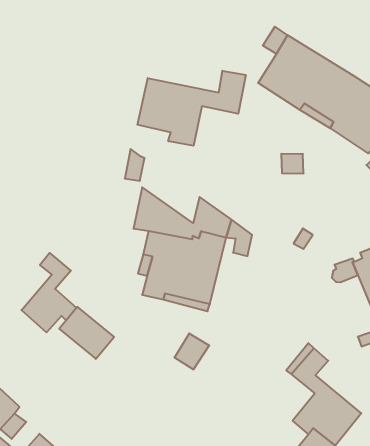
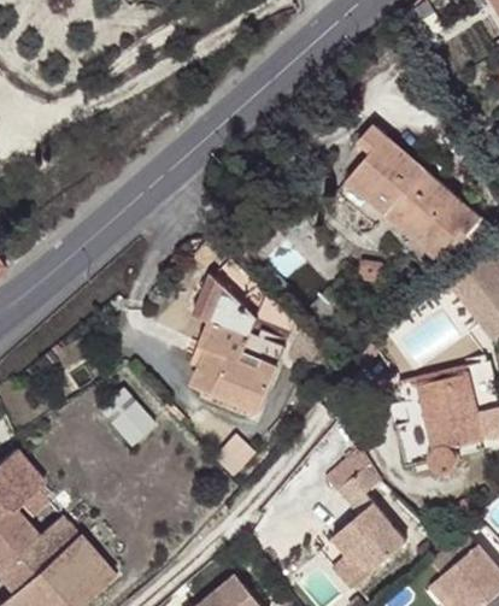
building: [137,71,246,146] -> none
building: [21,253,77,332] -> none

